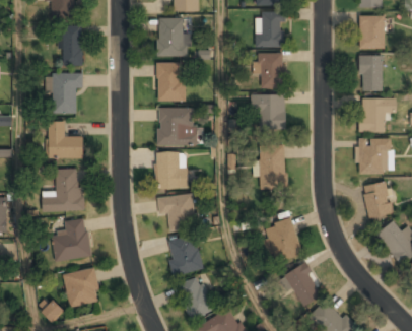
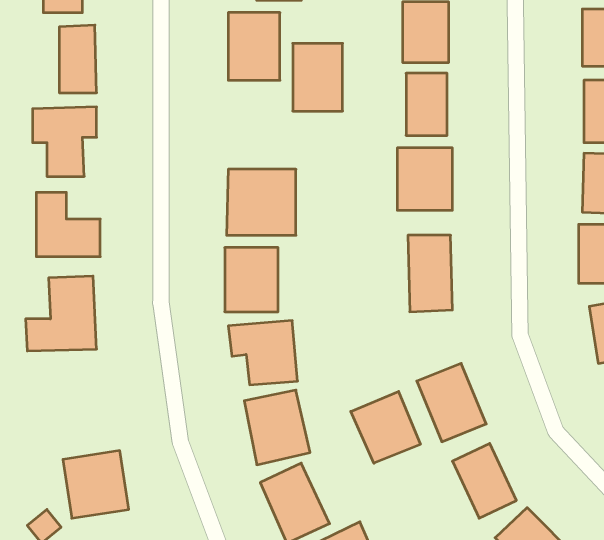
building: [156,63,185,102] -> [293,43,343,111]
building: [52,218,91,260] -> none
building: none -> [351,391,420,463]

